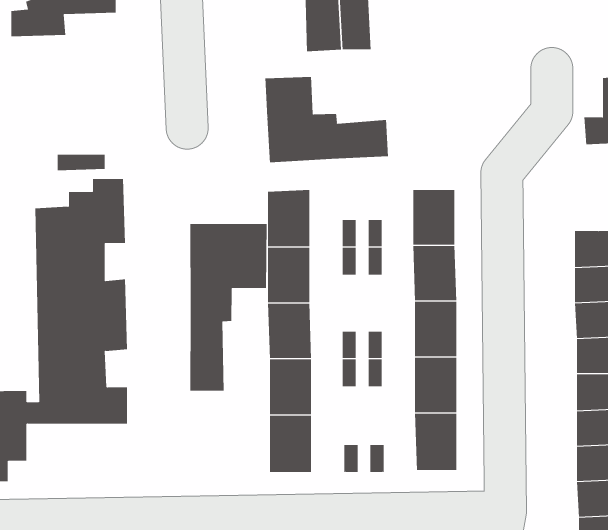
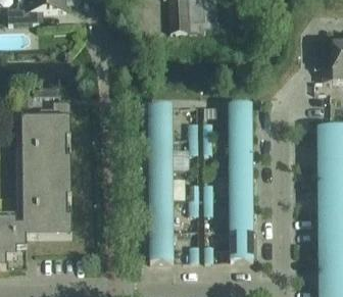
building: [265,76,388,163] -> none
building: [190,223,267,392] -> none

